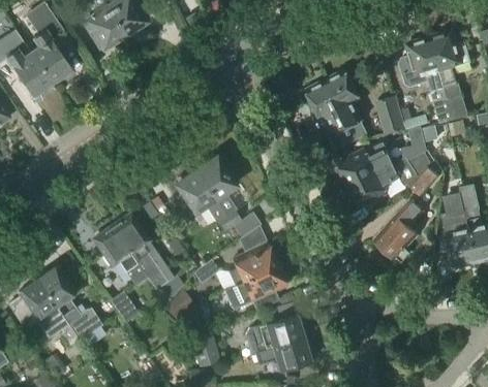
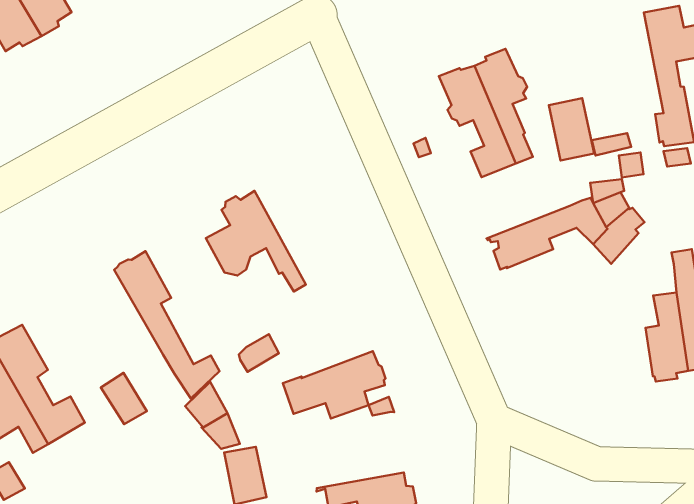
building: [399,38,449,123] -> none
building: [334,149,393,188] -> none
building: [194,154,260,237] -> none
building: [374,199,421,261] -> none
building: [93,227,146,285] -> none
building: [227,243,277,285] -> none
building: [244,314,303,353] -> none

